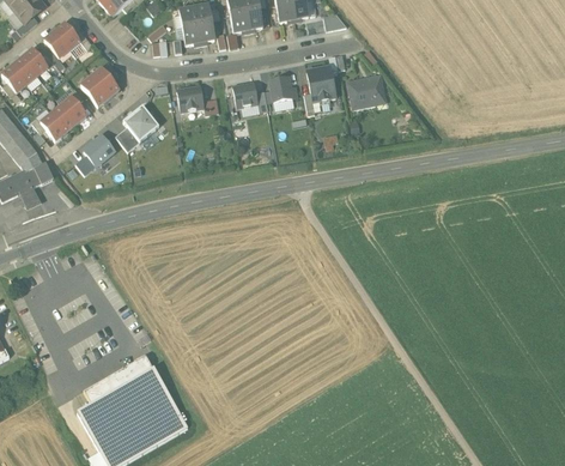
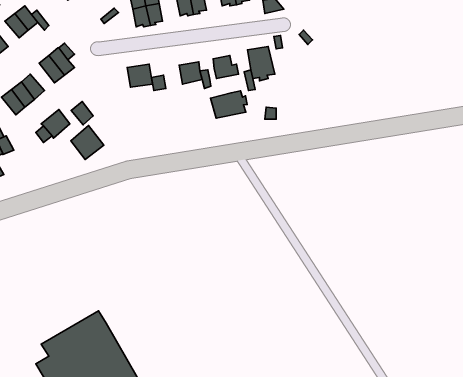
building: [348,74,384,108] -> none
building: [124,104,160,141] -> [71,125,104,160]
building: none -> [211,91,247,118]

